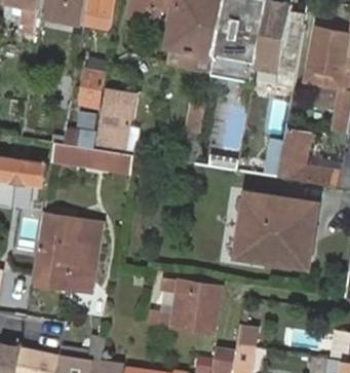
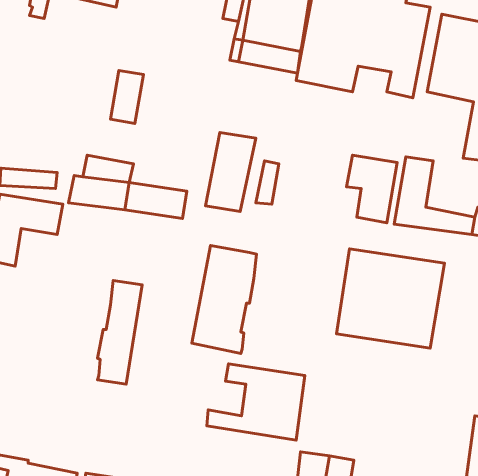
building: [96,90,132,147] -> [205,132,256,212]
building: [35,213,81,290] -> [192,245,257,353]

